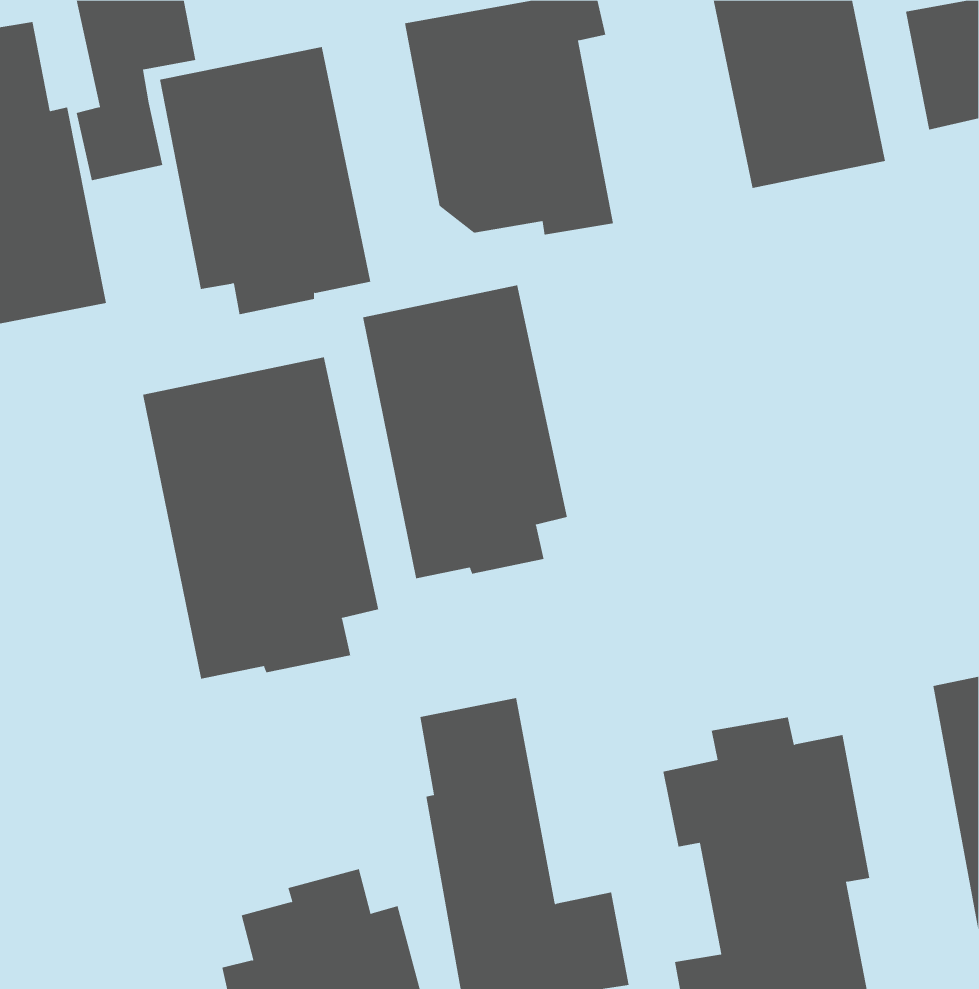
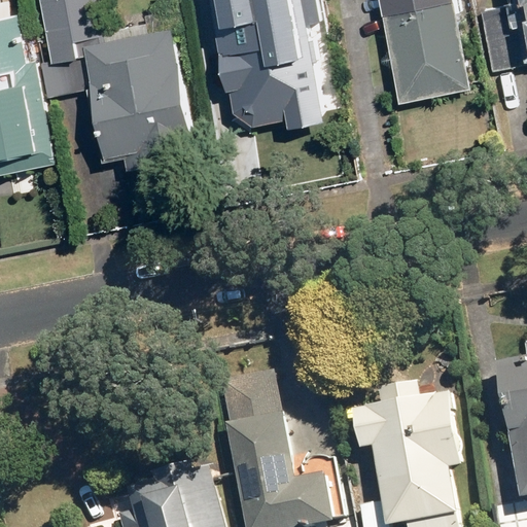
building: [362,284,567,579] -> none
building: [143,356,379,679] -> none

